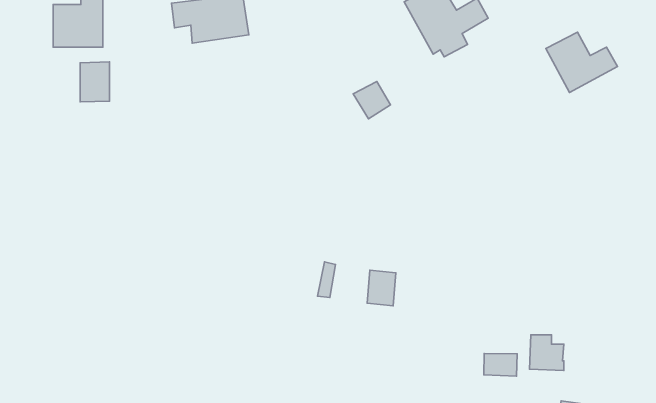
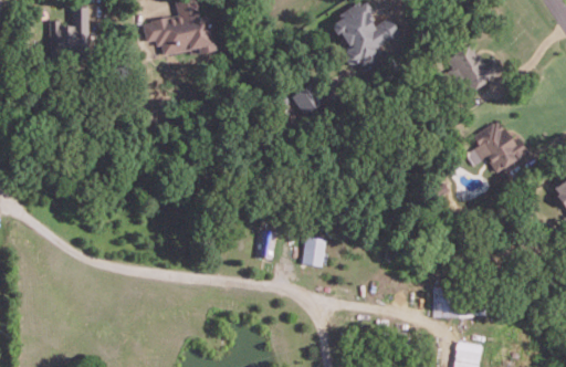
building: [80,62,110,102] -> none
building: none -> [473,119,524,174]
building: [484,354,517,376] -> none

